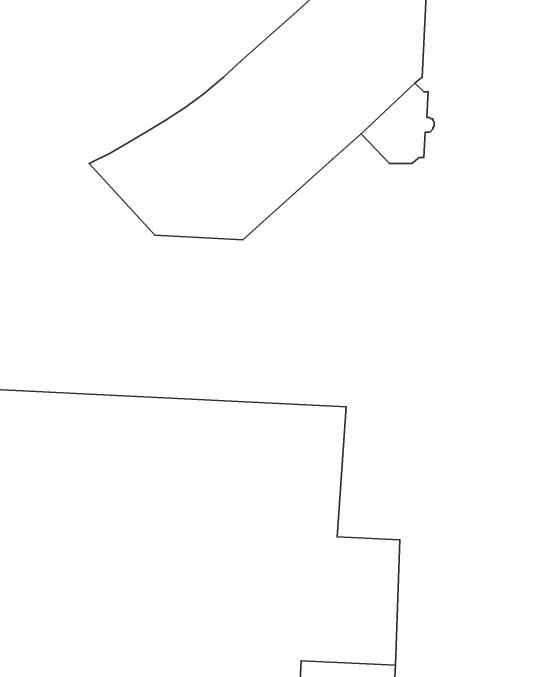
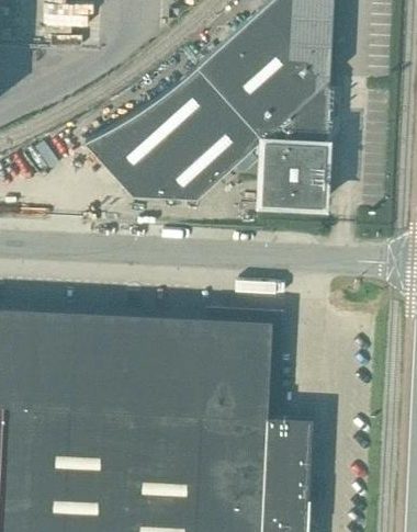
building: none -> [260,123,325,207]

